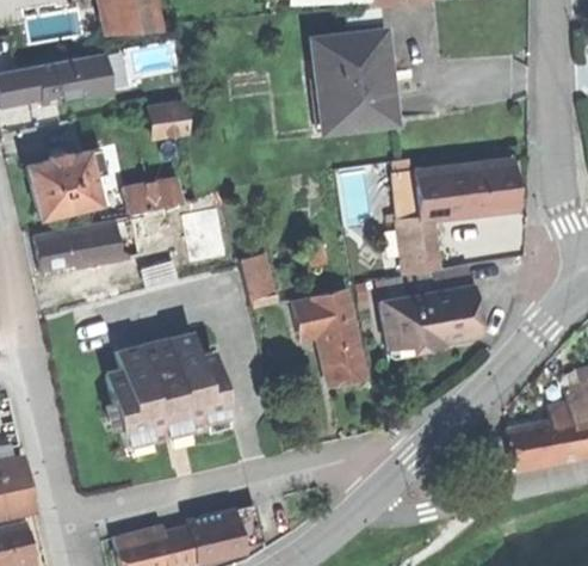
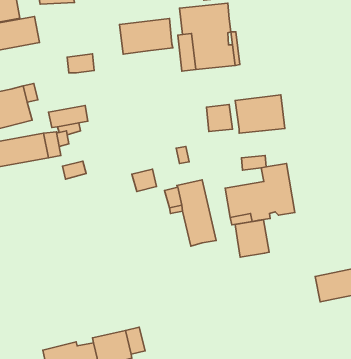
building: none -> [120,19,173,54]
building: [460,159,516,214] -> none
building: [181,208,228,262] -> none
building: [400,217,438,257] -> [206,105,233,132]
building: [106,334,227,443] -> none
building: none -> [235,220,269,257]

